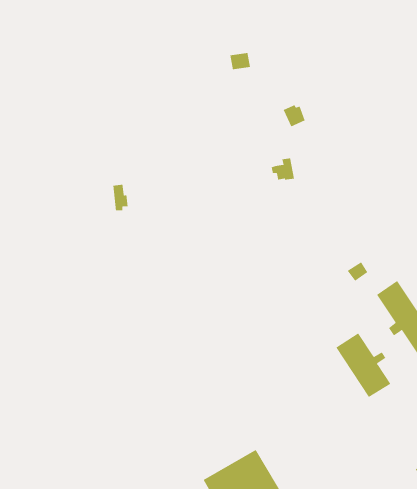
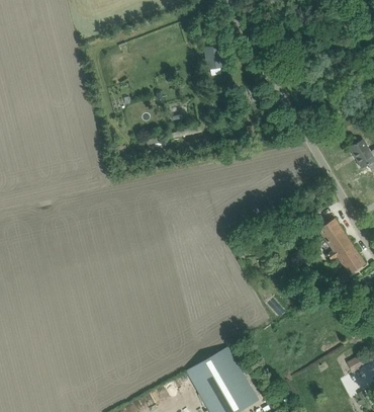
building: [335,332,391,398] -> none

